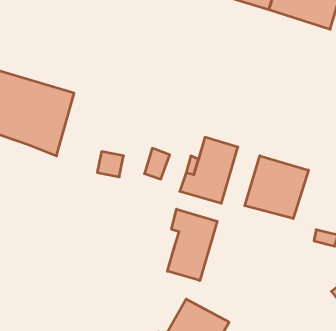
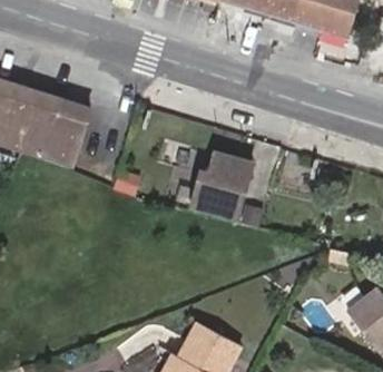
building: [245,156,308,219] -> none
building: [167,209,217,281] -> none

